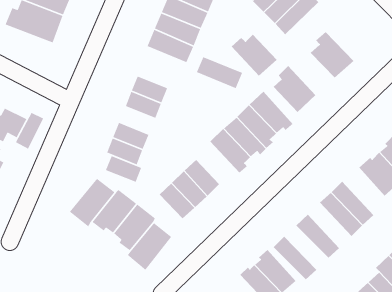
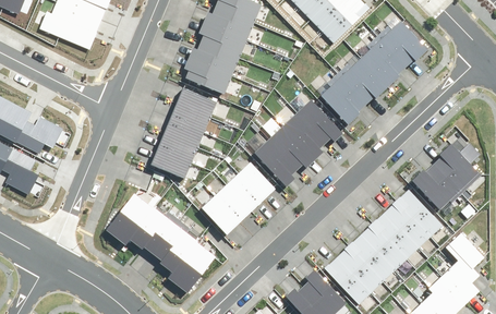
building: none -> [377,23,426,69]
building: [231,34,278,76] -> [338,60,387,105]
building: [196,56,243,89] -> [181,53,231,88]
building: [15,112,44,150] -> none
building: none -> [241,160,279,198]
building: [105,155,142,183] -> [159,117,198,146]
building: none -> [395,183,440,231]
building: none -> [359,218,404,266]
building: none -> [334,242,380,289]

